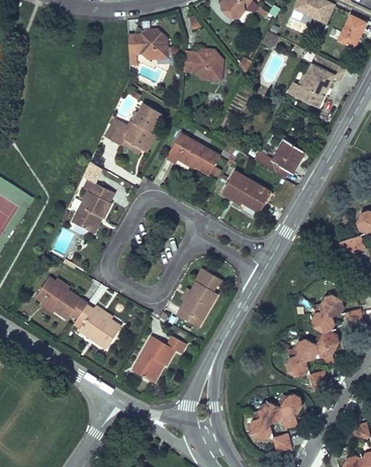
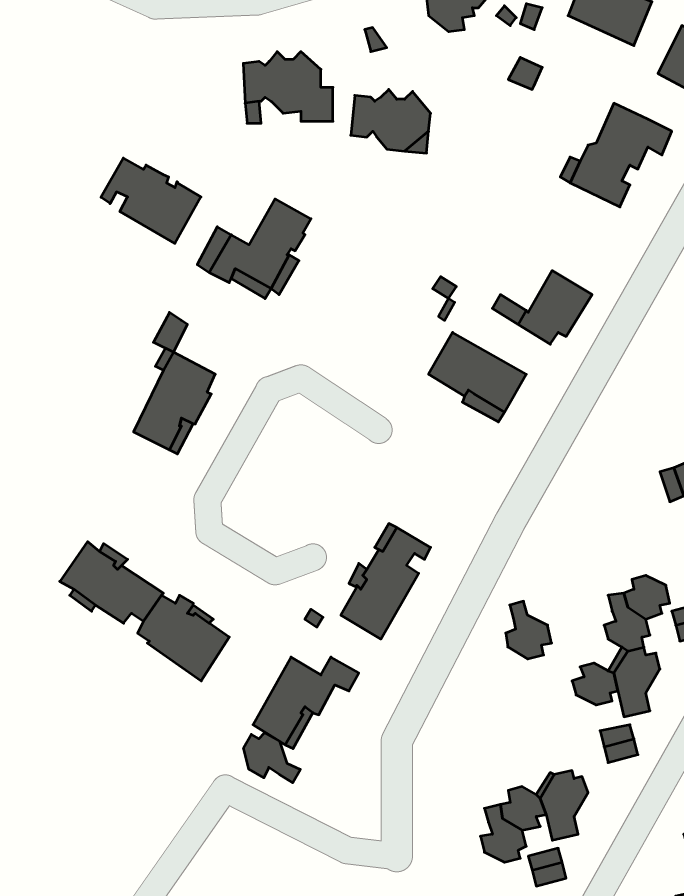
building: none -> [101,158,201,243]
building: [166,133,219,173] -> none
building: [285,348,308,377] -> [506,601,552,659]
building: none -> [244,733,300,783]

